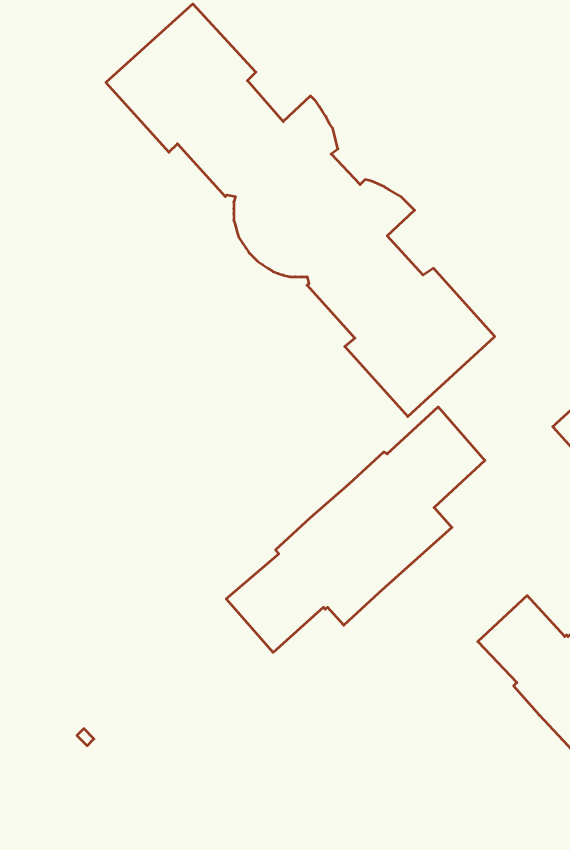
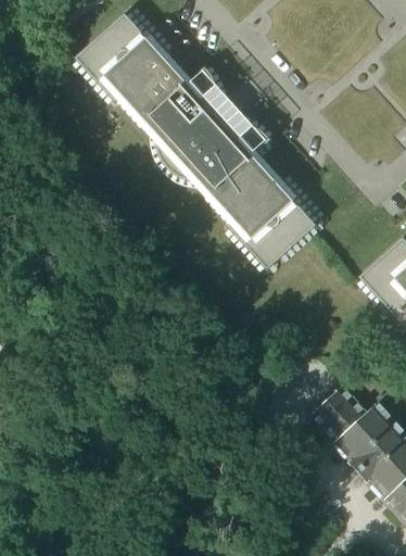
building: [226,407,485,652] -> none

